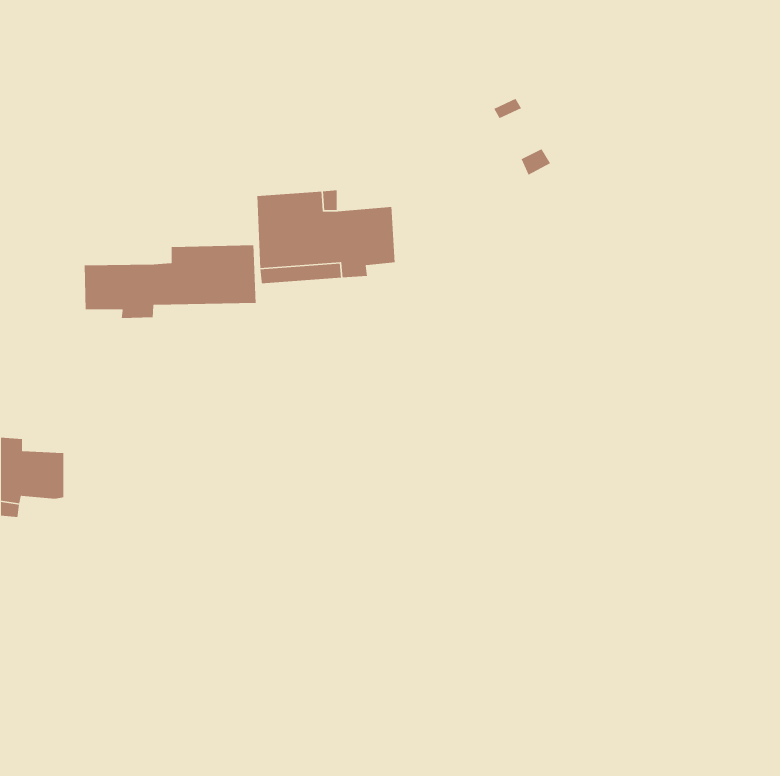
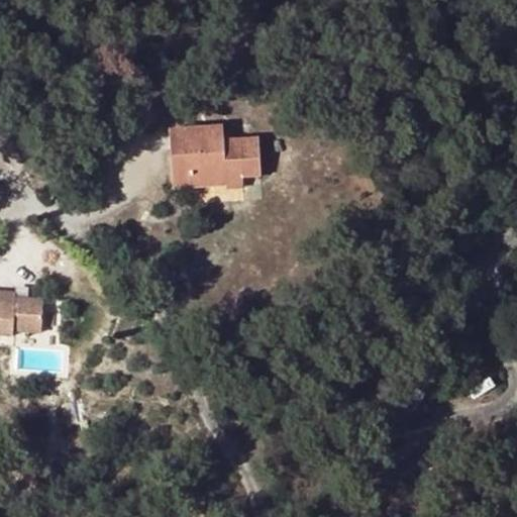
building: [84,245,256,319] -> none

